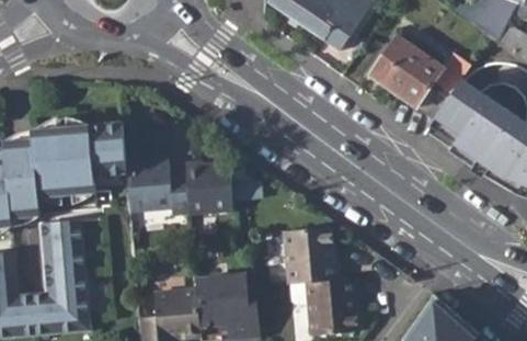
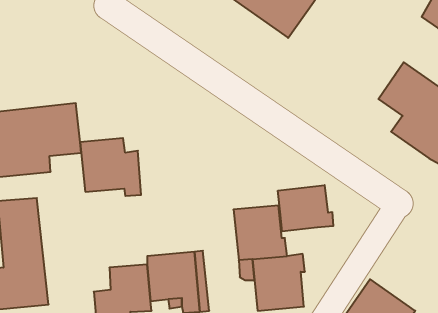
building: [368,35,452,118] -> none
building: [183,158,231,216] -> none
building: none -> [278,185,333,231]

